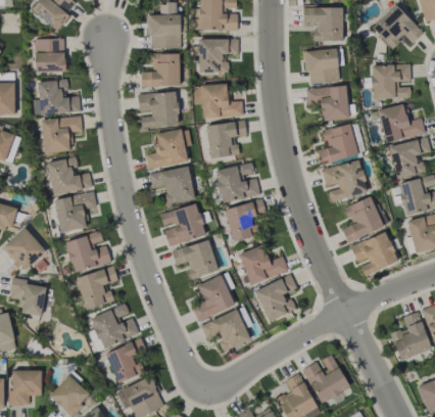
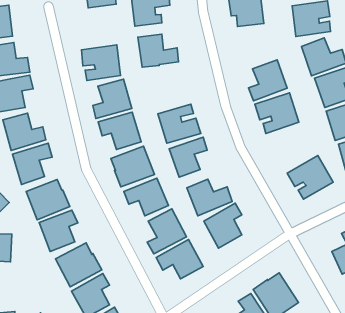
building: [141,54,181,88] -> none
building: [306,87,349,121] -> none
building: [206,121,247,159] -> none
building: [342,196,384,243] -> none

